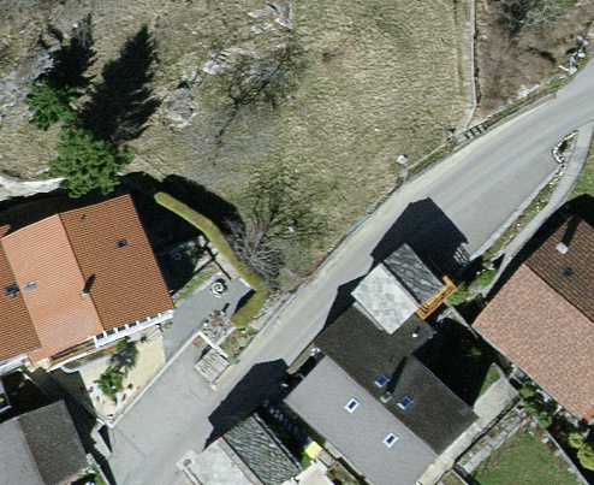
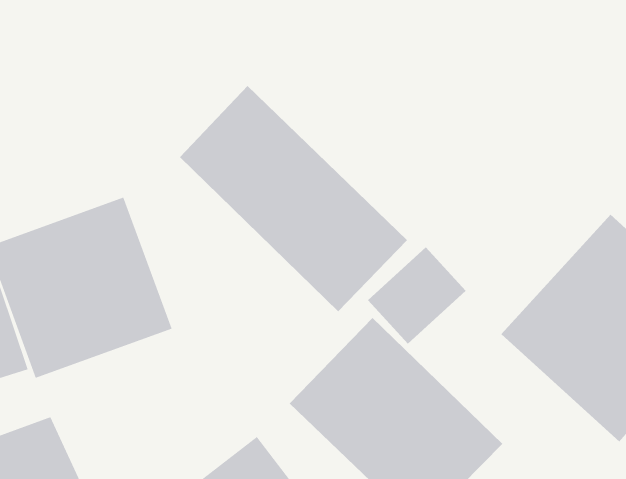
building: none -> [179,85,408,312]

